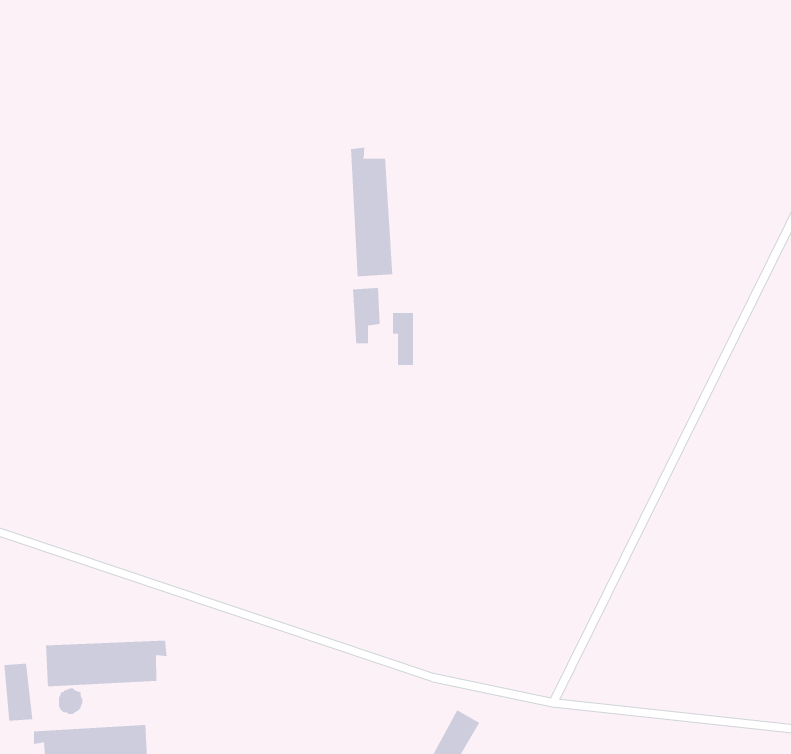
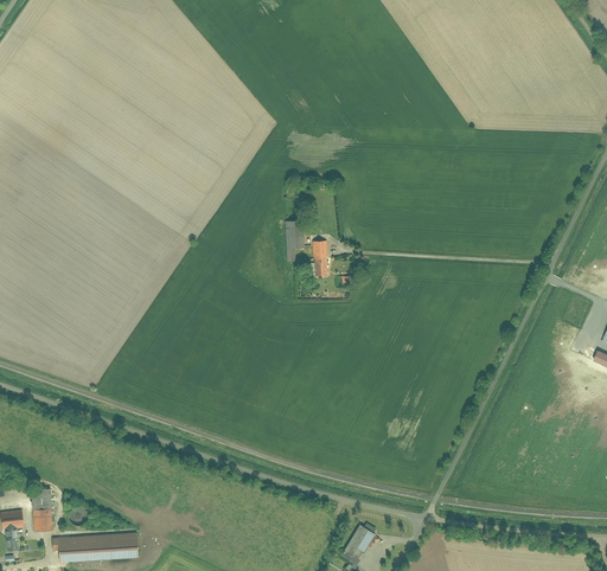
building: [351,147,393,277] -> none
building: [46,640,167,687] -> none

